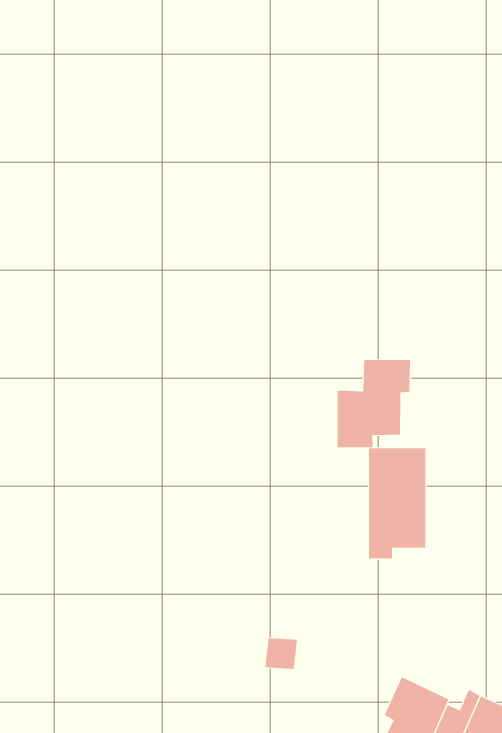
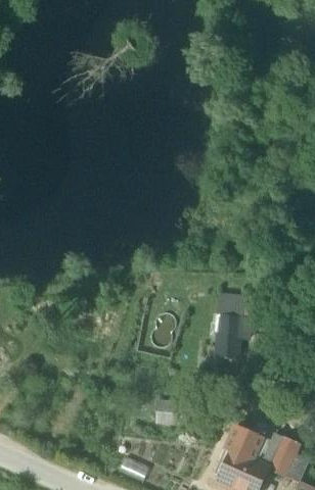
building: [337,359,411,448] -> none

